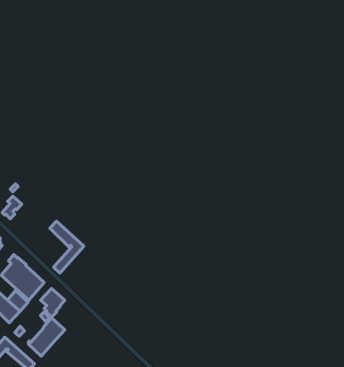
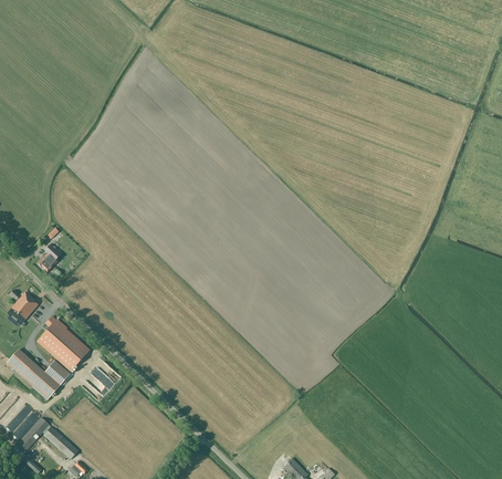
building: [50,221,84,273] -> none
building: [28,318,65,356] -> none

